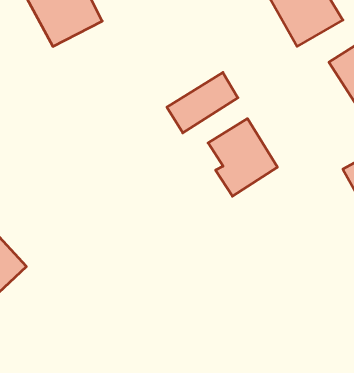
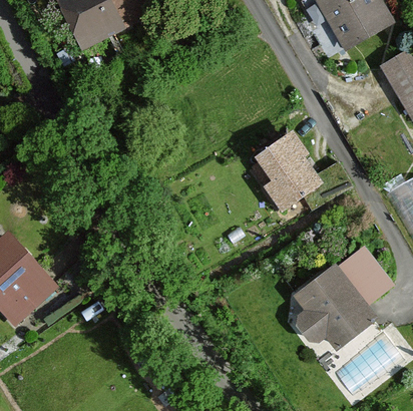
building: [167,72,238,133] -> none
building: none -> [286,246,392,350]

